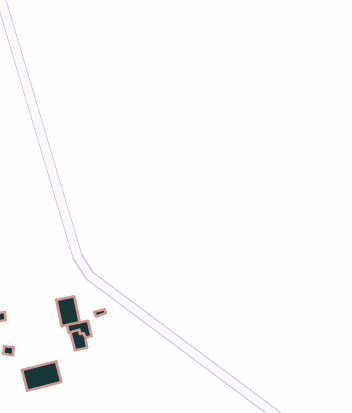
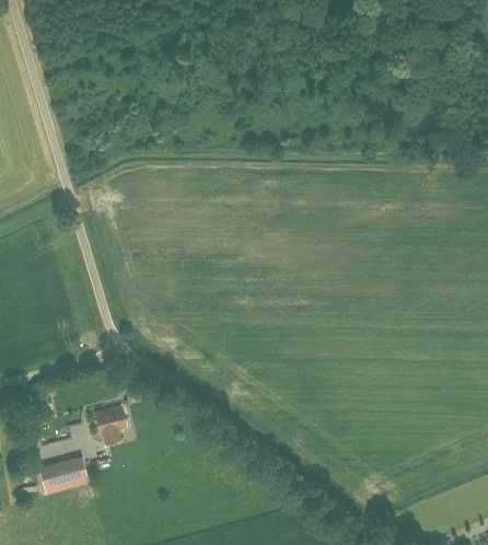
building: [56,296,80,326] -> none

